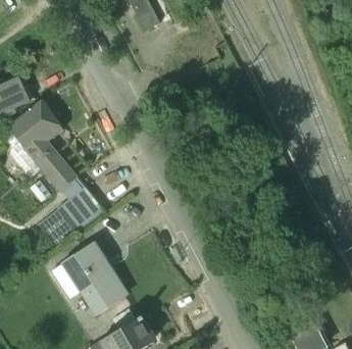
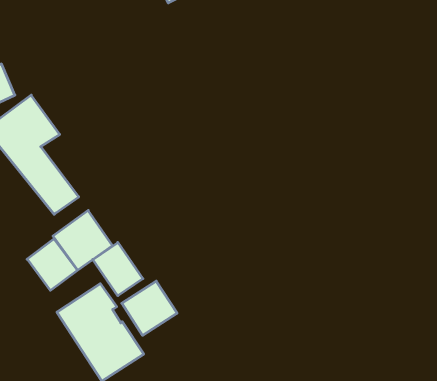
building: none -> [93,242,143,296]
building: none -> [122,281,177,335]

